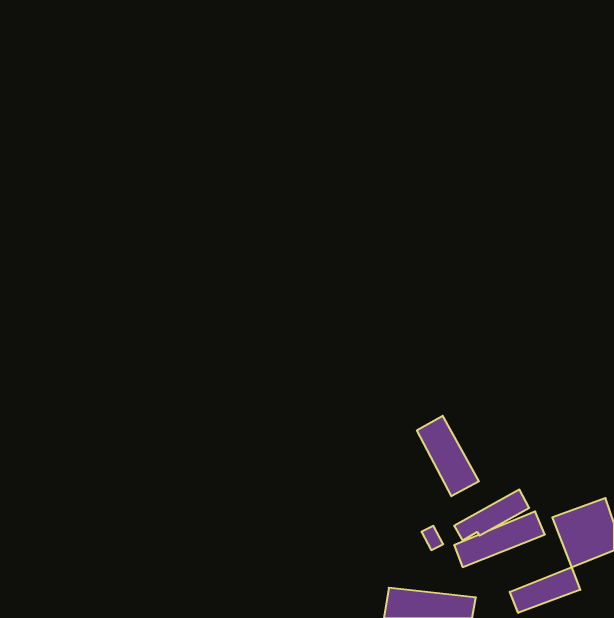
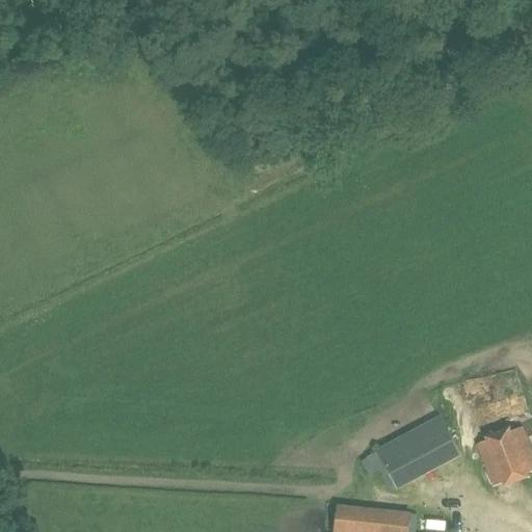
building: [417,416,479,496] -> none
building: [510,567,580,613] -> none

